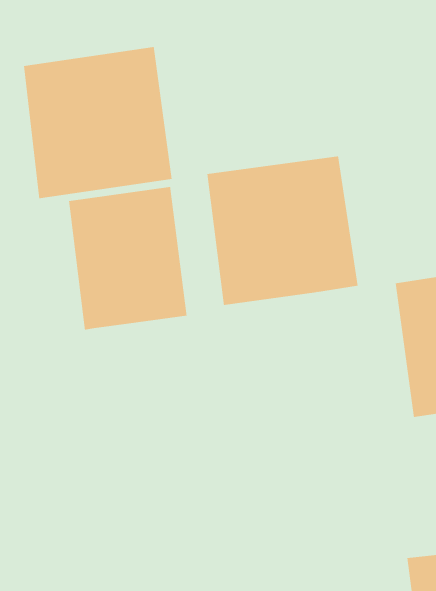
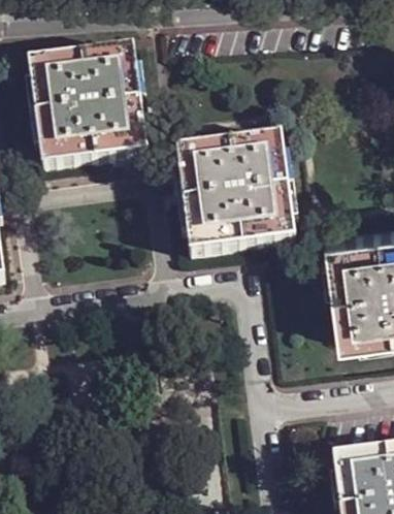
building: [69,186,187,331] -> none

